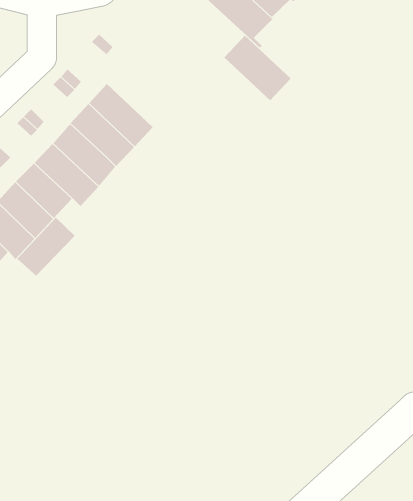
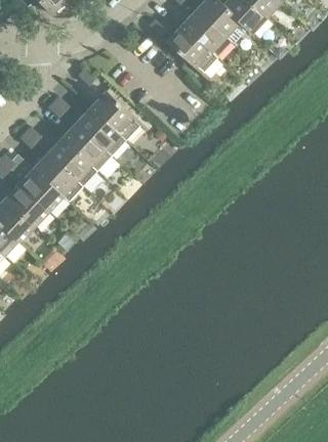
building: [224,35,291,101] -> [89,90,141,141]
building: [16,217,76,277] -> none

